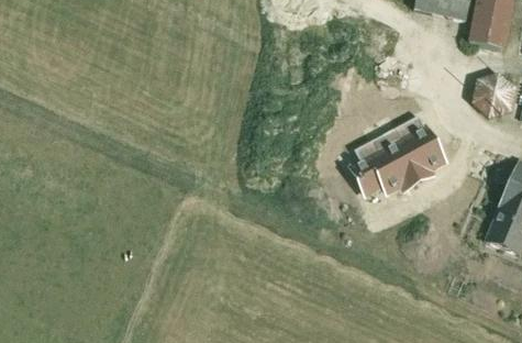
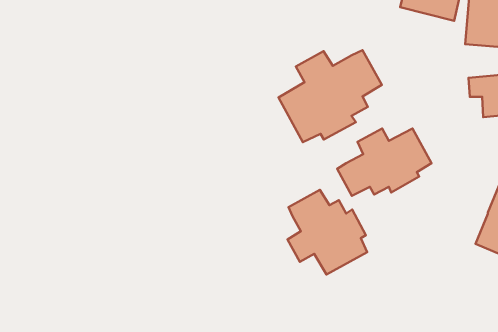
building: none -> [278,50,382,142]
building: none -> [287,190,367,275]

